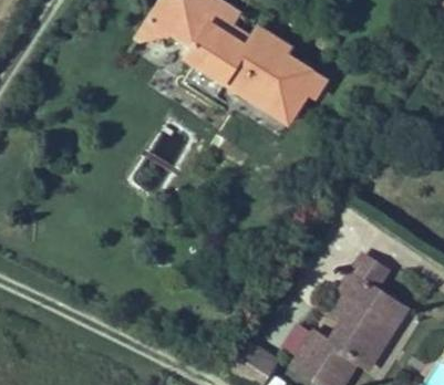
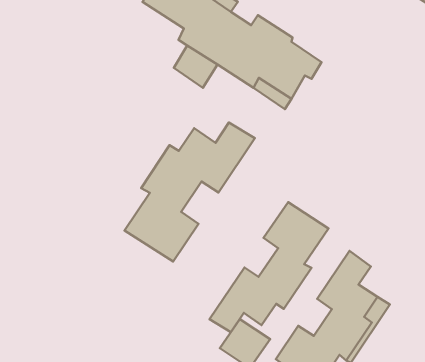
building: none -> [124,122,255,262]
building: none -> [209,202,329,332]

